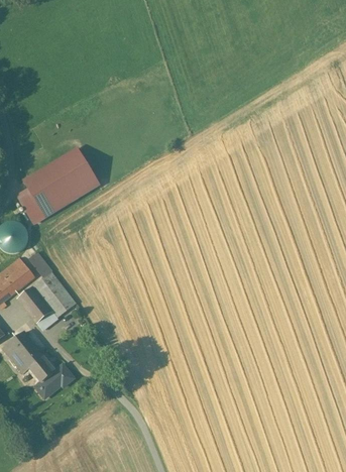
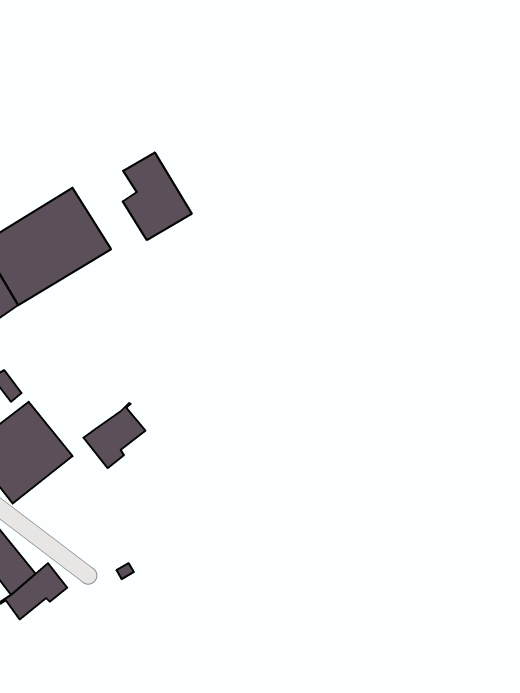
building: none -> [123,152,192,240]
building: none -> [83,403,145,468]

